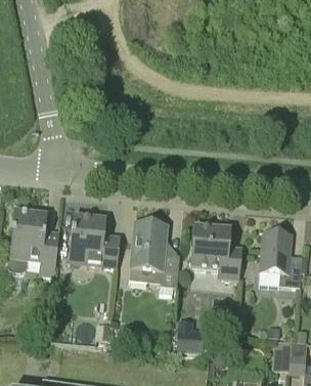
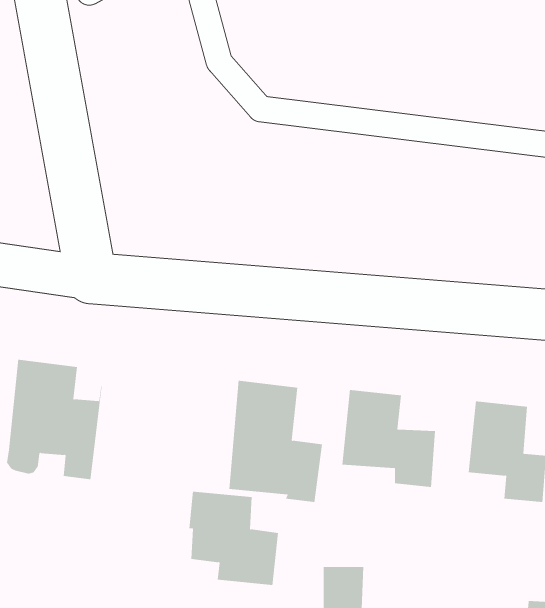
building: [71,218,120,269] -> [189,491,279,585]

